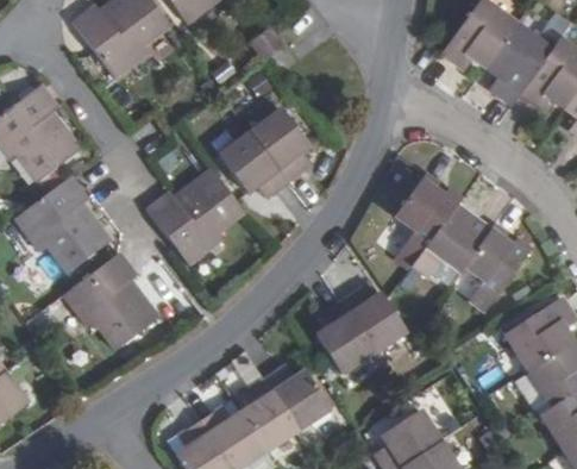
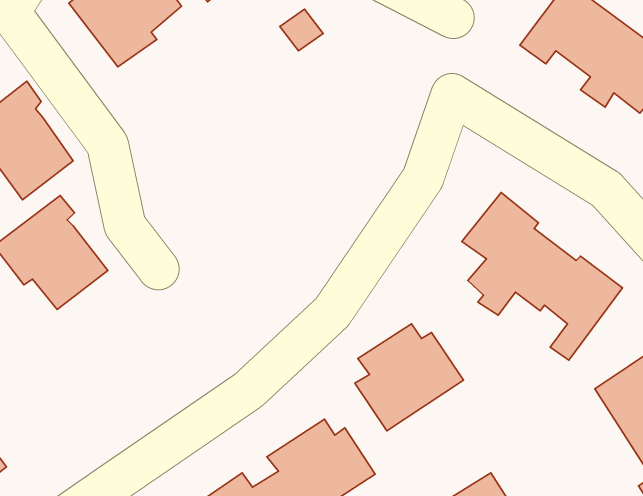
building: [220,110,311,196] -> none
building: [145,170,238,263] -> none
building: [63,254,158,350] -> none

